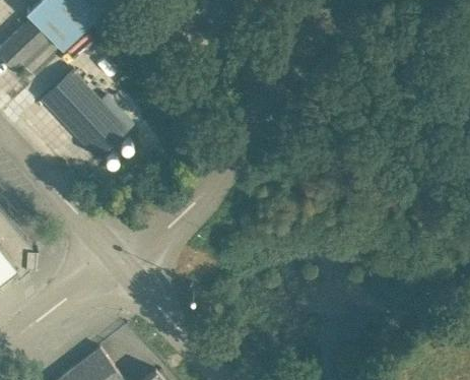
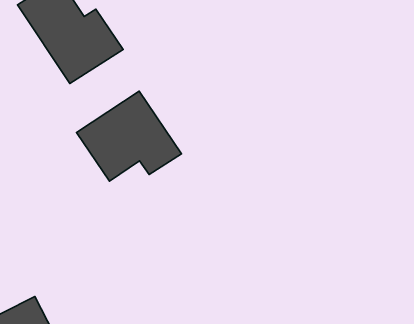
building: none -> [77,91,181,181]

